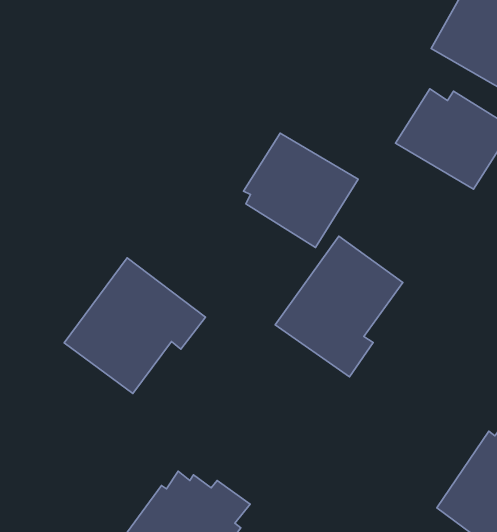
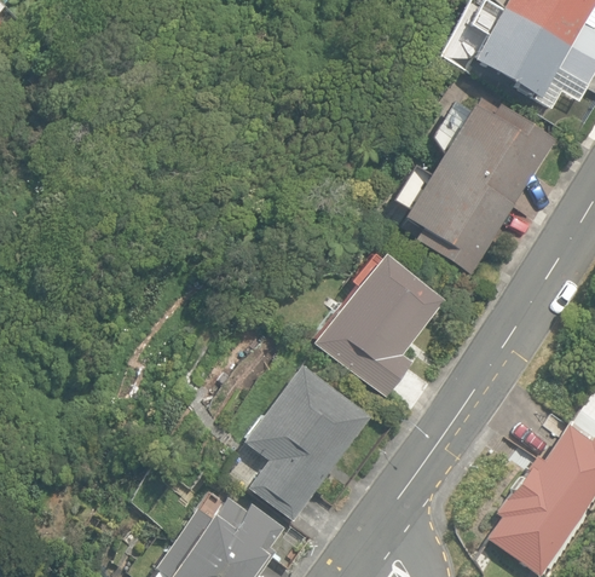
building: [243,133,358,248] -> [399,157,516,275]
building: [64,258,205,393] -> none
building: none -> [245,364,372,520]

